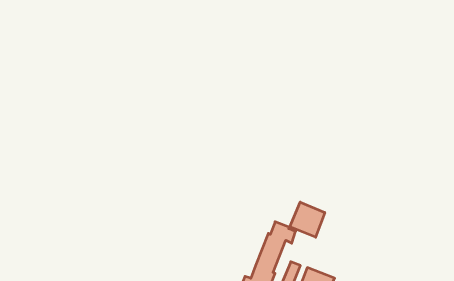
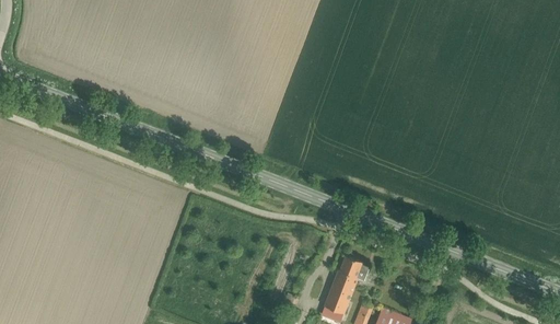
building: [290,202,325,237] -> none

